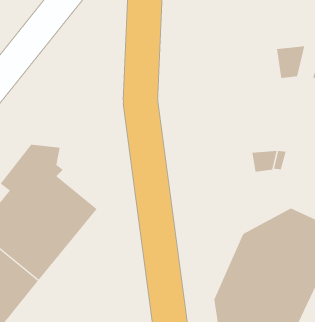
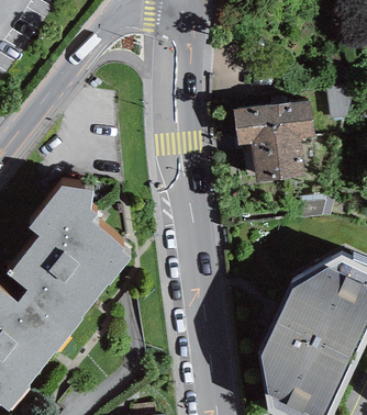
building: none -> [233,99,315,179]

